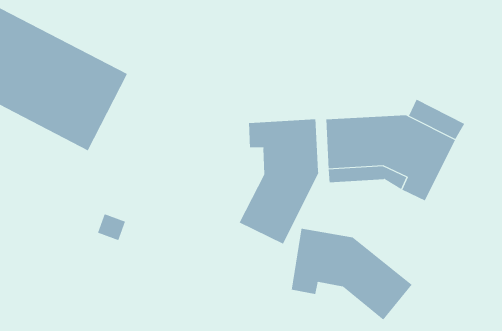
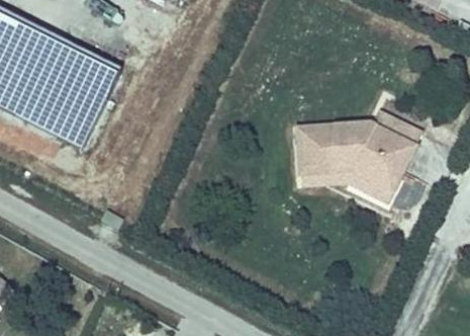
building: [239,119,319,245] -> none
building: [291,228,413,320] -> none

